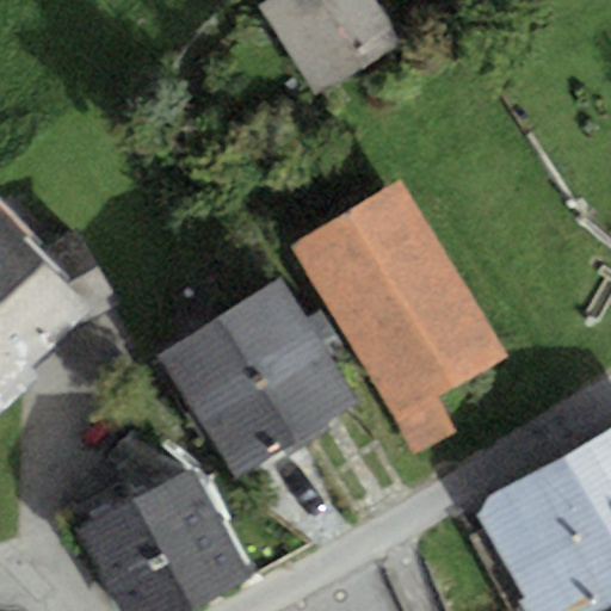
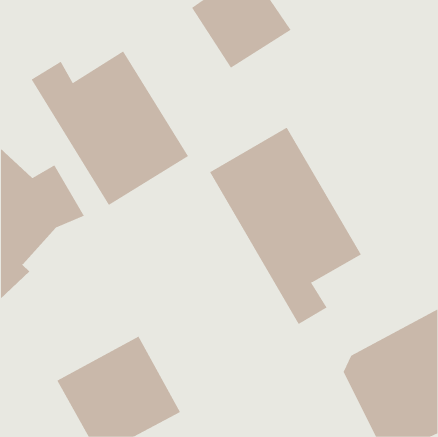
building: none -> [31,51,189,206]
building: [156,279,358,481] -> none

